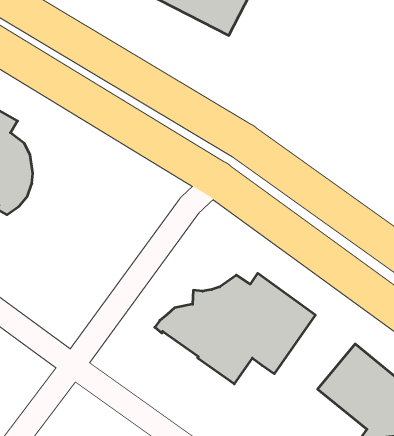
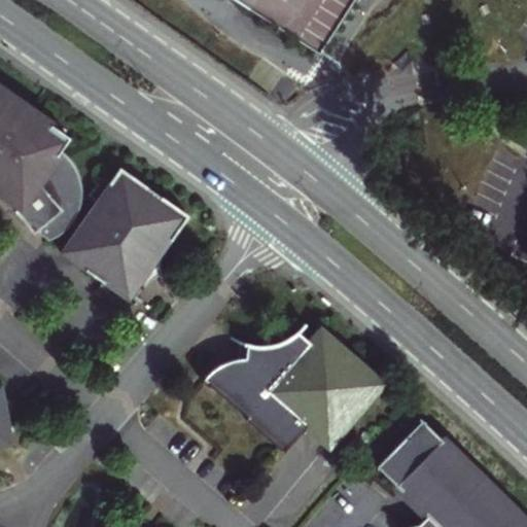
building: none -> [61,166,188,300]

